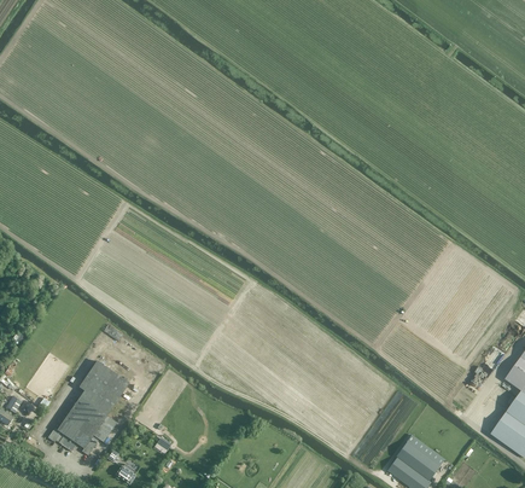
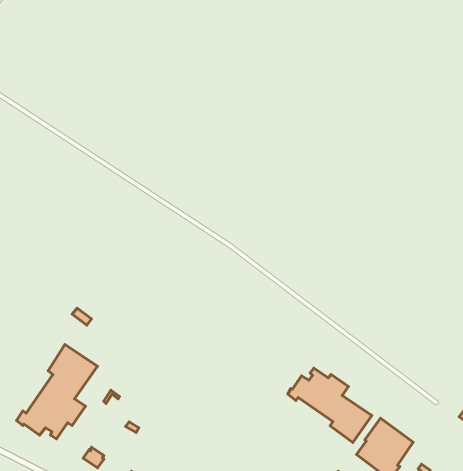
building: none -> [288,368,372,443]

